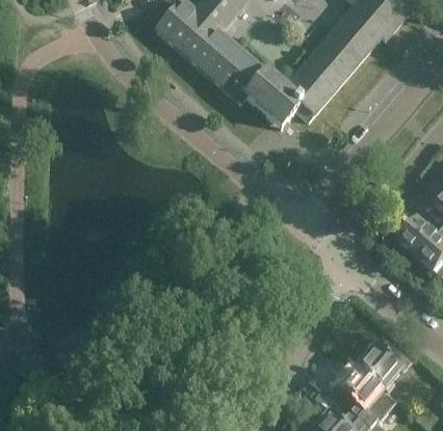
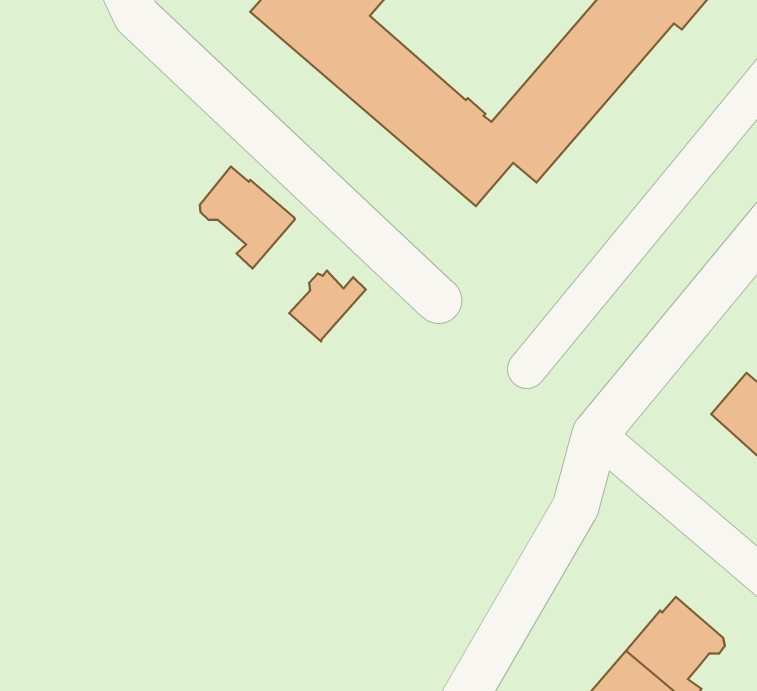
building: none -> [200,167,295,269]
building: none -> [289,270,366,341]

